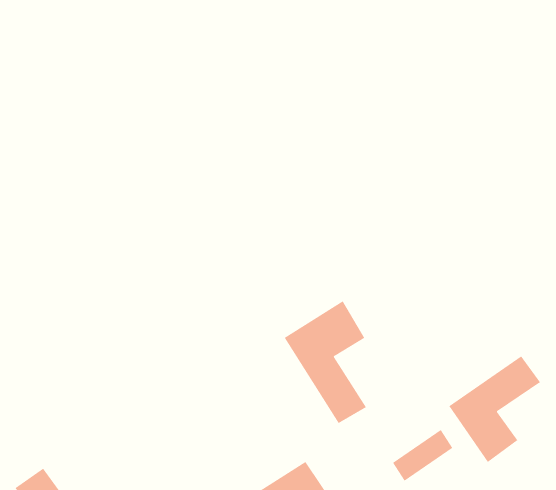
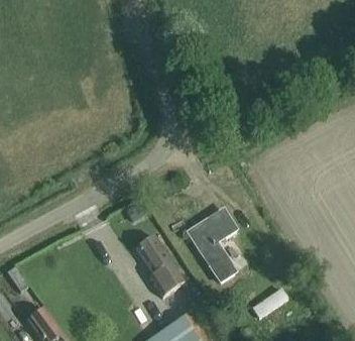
building: none -> [136,235,186,296]
building: [448,356,541,463] -> none

